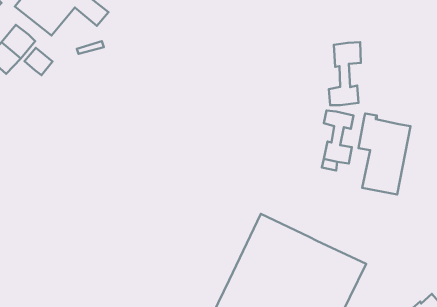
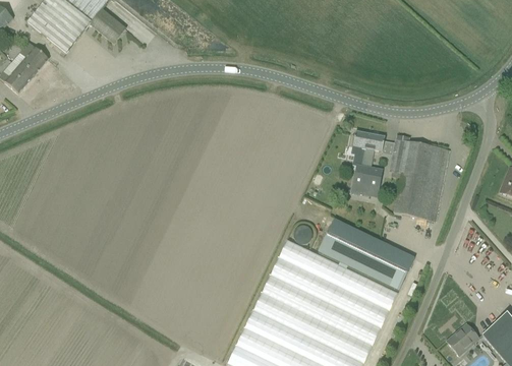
building: [329,42,361,105] -> none
building: [25,48,53,75] -> none
building: none -> [317,219,413,290]

